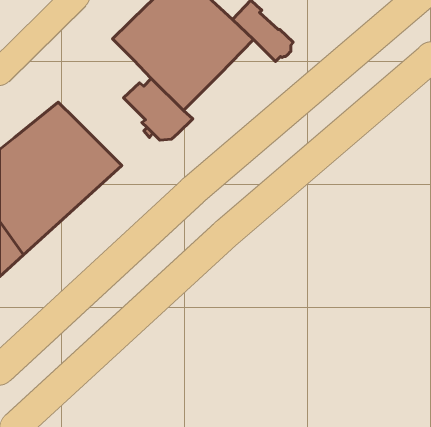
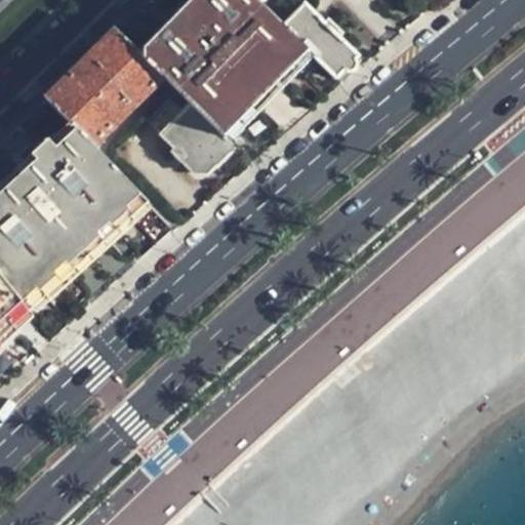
building: none -> [45,27,162,145]

